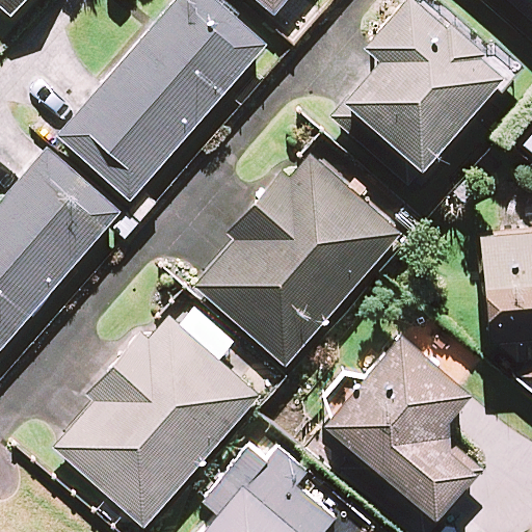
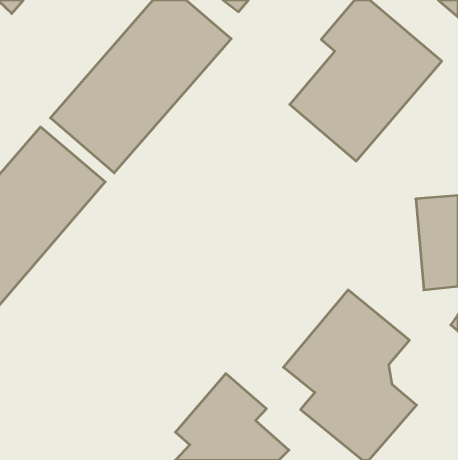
building: [190,151,400,364] -> none
building: [51,313,259,526] -> none

